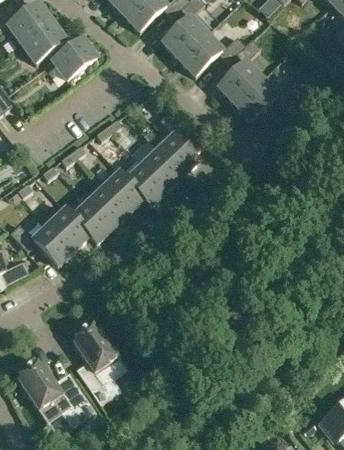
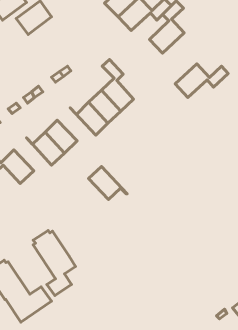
building: [234,77,300,119] -> [175,64,228,98]
building: [103,170,151,211] -> [88,166,127,199]
building: [49,207,96,248] -> none

